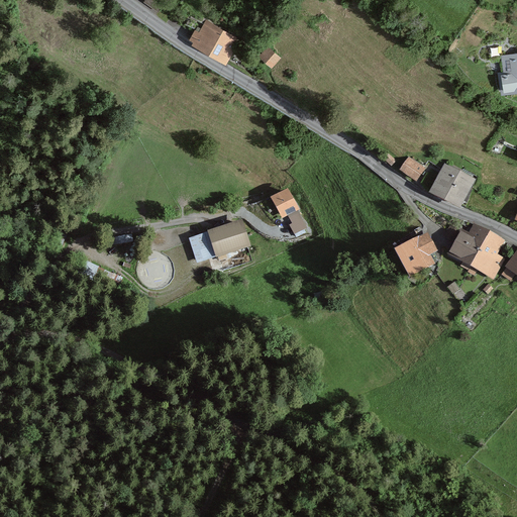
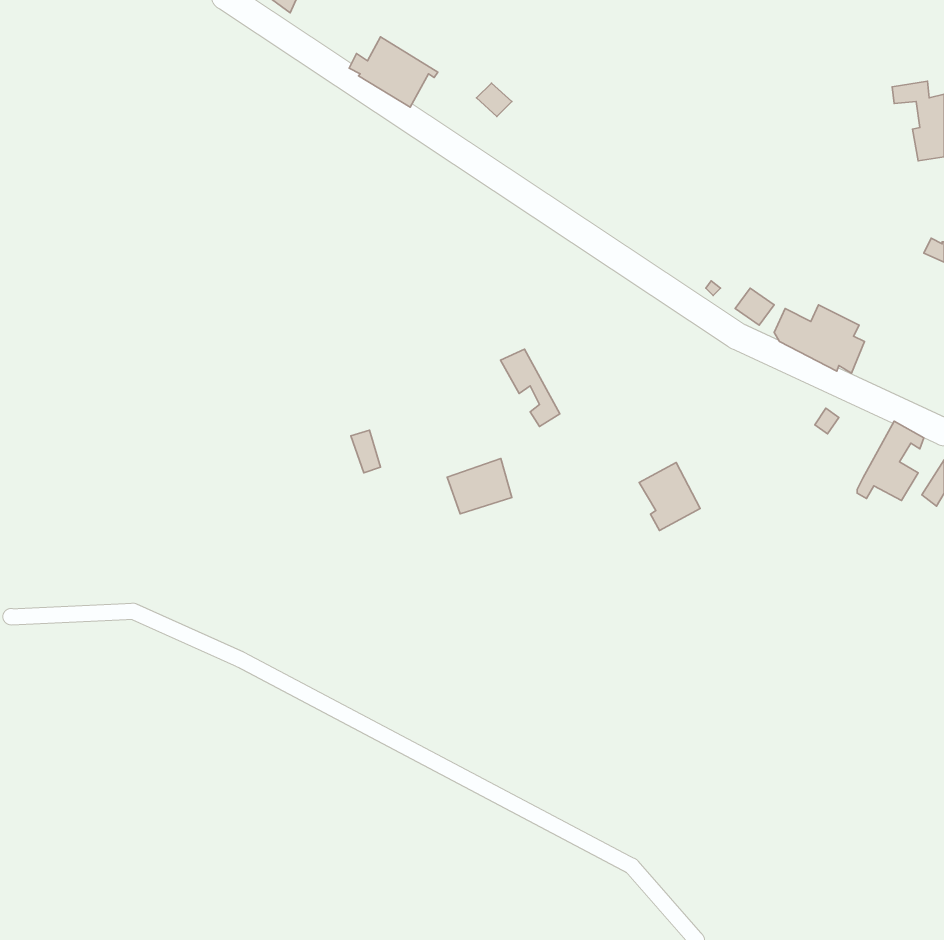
building: [211,222,246,252] -> [447,459,512,514]
building: [452,223,489,268] -> none
building: [399,236,432,274] -> [639,462,700,531]

